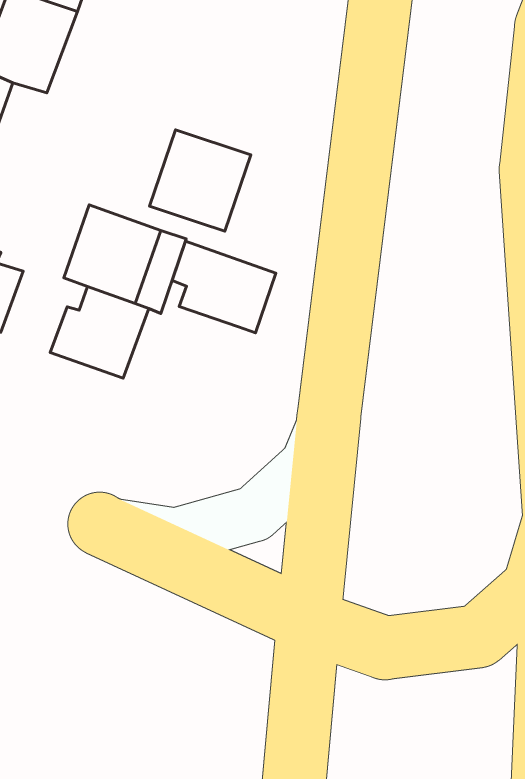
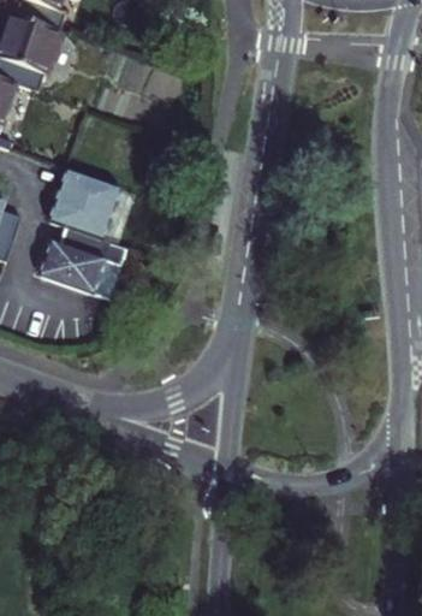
building: [149,130,251,231] -> none
building: [172,241,276,333] -> none

